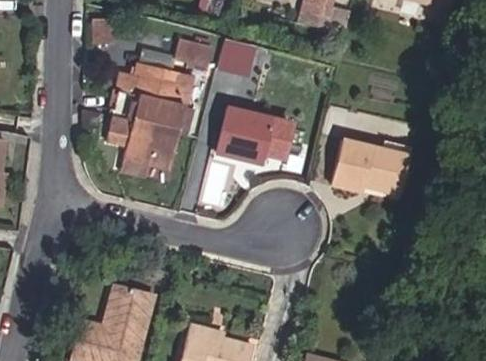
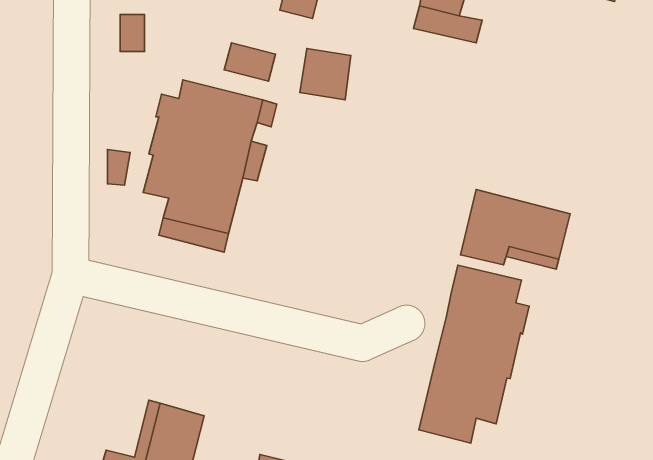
building: [216,107,293,164] -> none
building: none -> [419,265,529,443]

